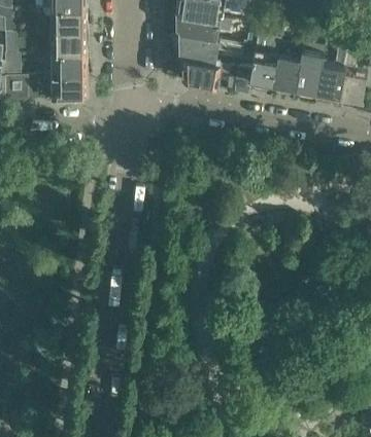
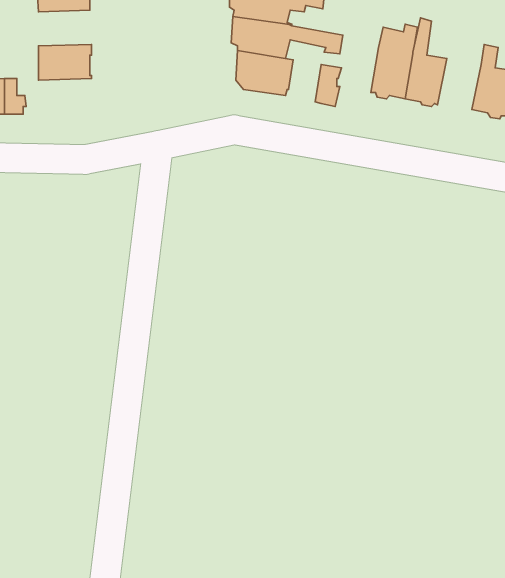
building: [50,30,86,53] -> none
building: [315,40,347,97] -> none
building: [248,50,276,86] -> none
building: [50,75,86,99] -> none

